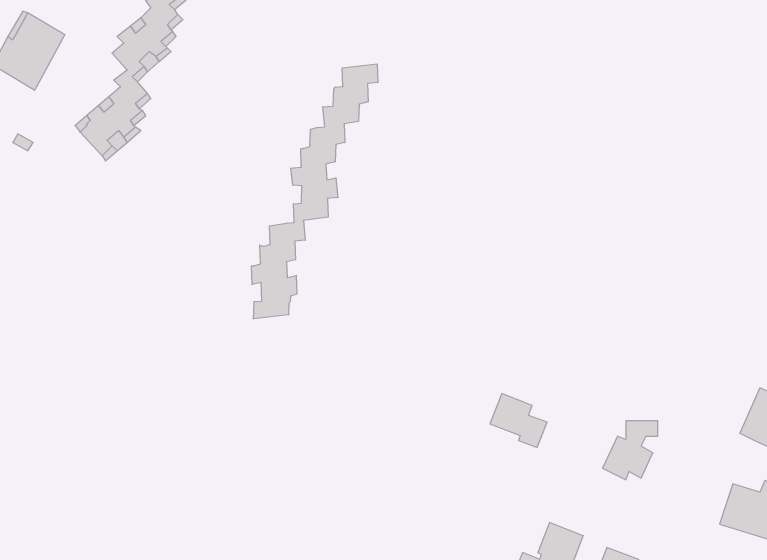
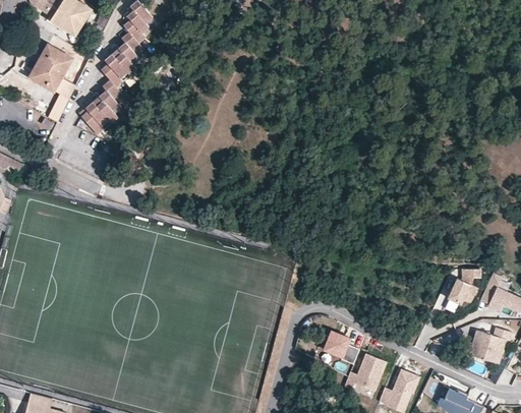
building: [251,64,378,319] -> none
building: [490,394,547,447] -> [324,332,358,364]
building: [602,421,658,480] -> [447,270,480,305]

